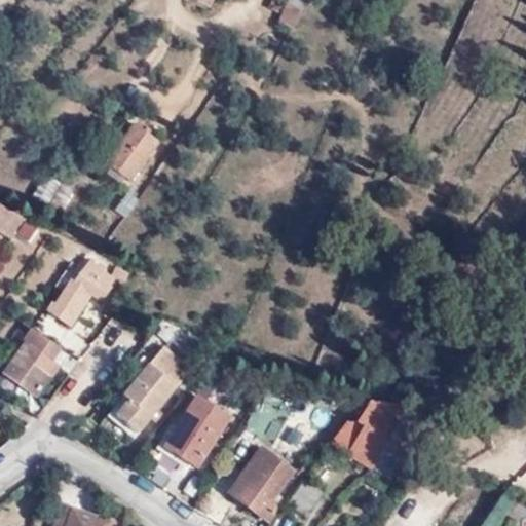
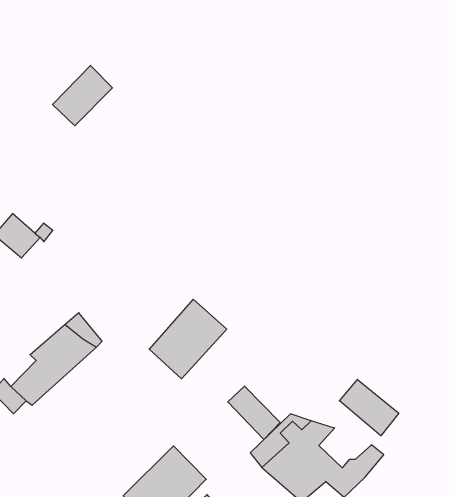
building: none -> [339,379,399,436]
building: none -> [228,386,280,439]
building: [162,398,228,469] -> [149,299,227,379]

